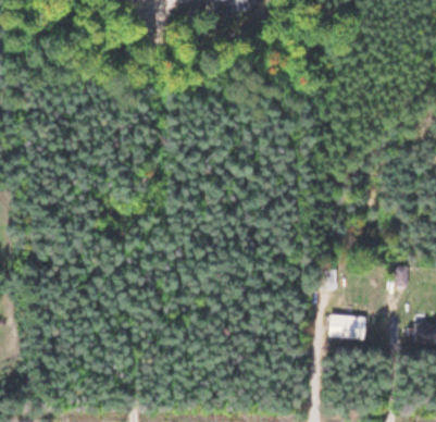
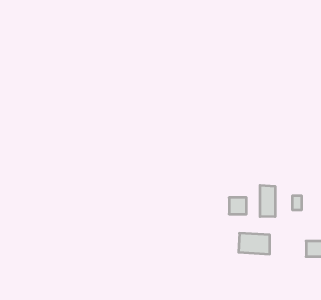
building: none -> [260,185,275,217]

